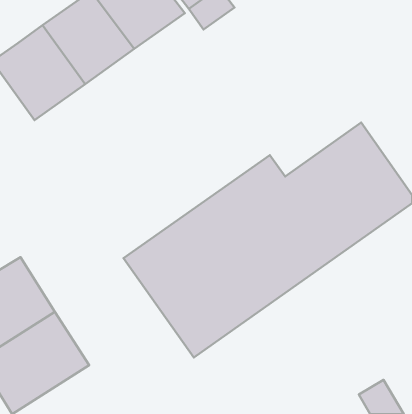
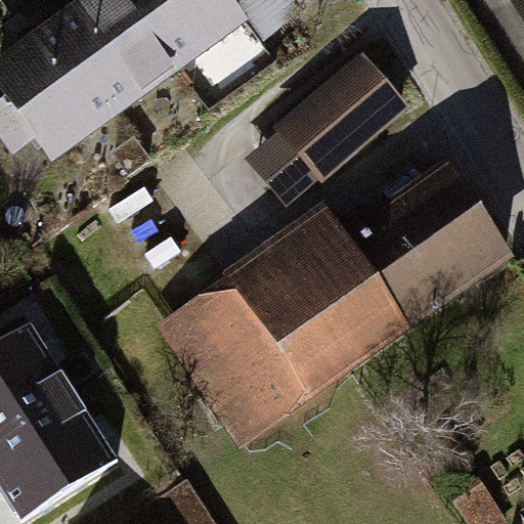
building: none -> [278,62,394,172]

